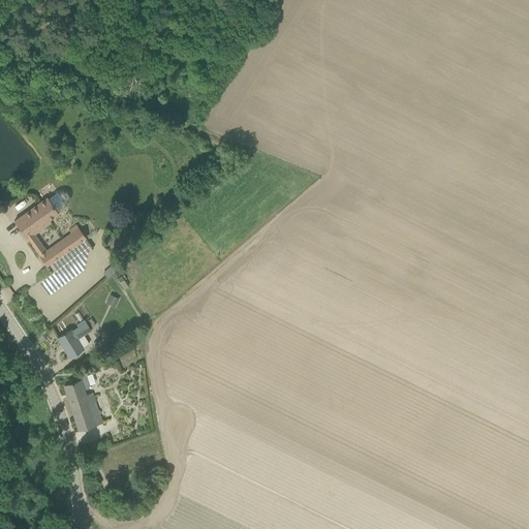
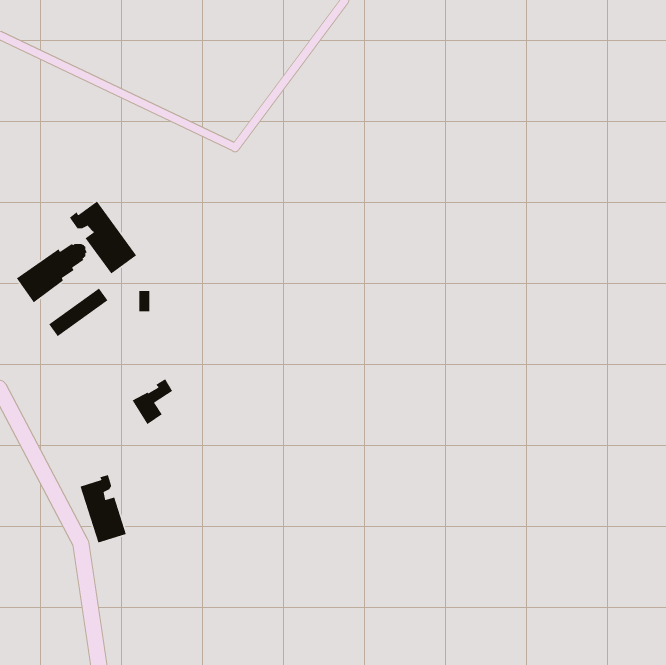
building: none -> [69,200,137,274]
building: [57,321,90,359] -> [131,378,173,425]

